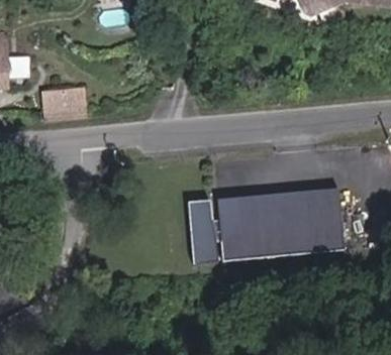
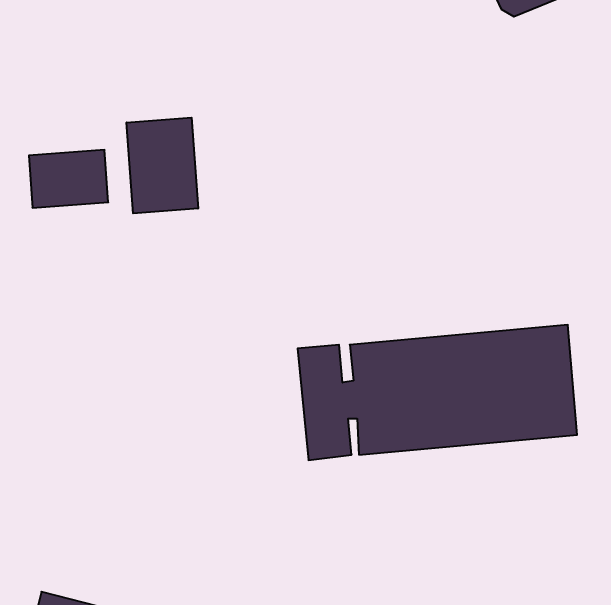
building: none -> [127,118,198,213]

